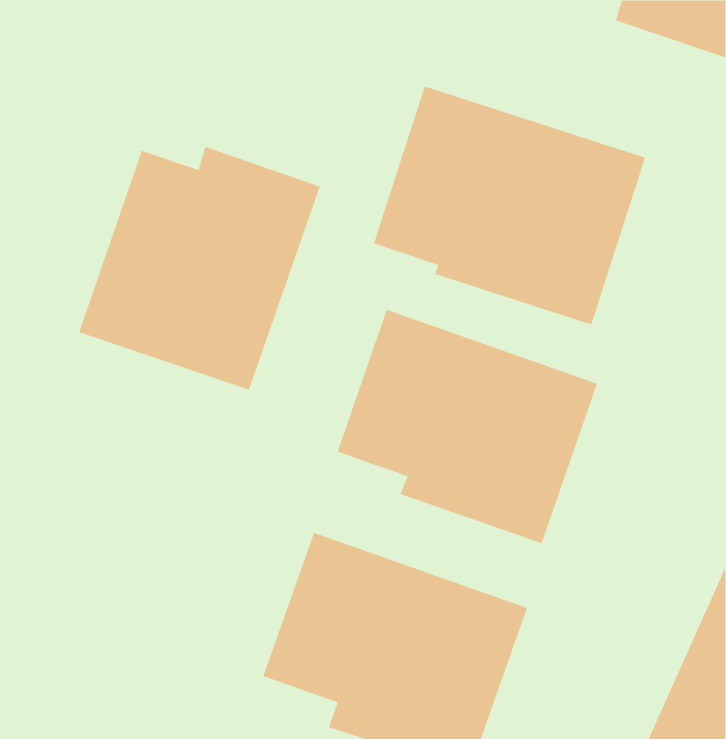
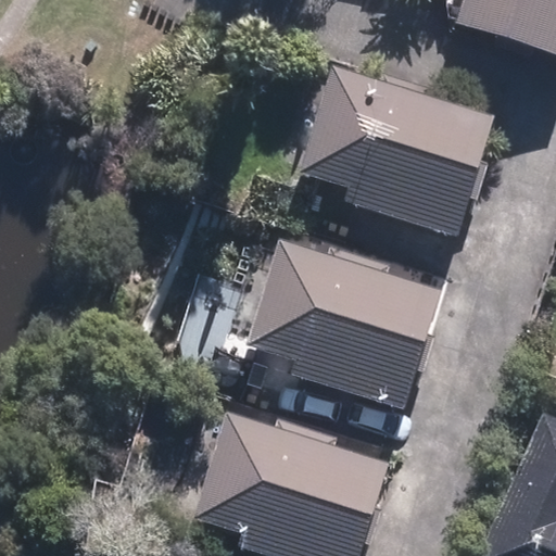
building: [78,146,320,390] -> none

